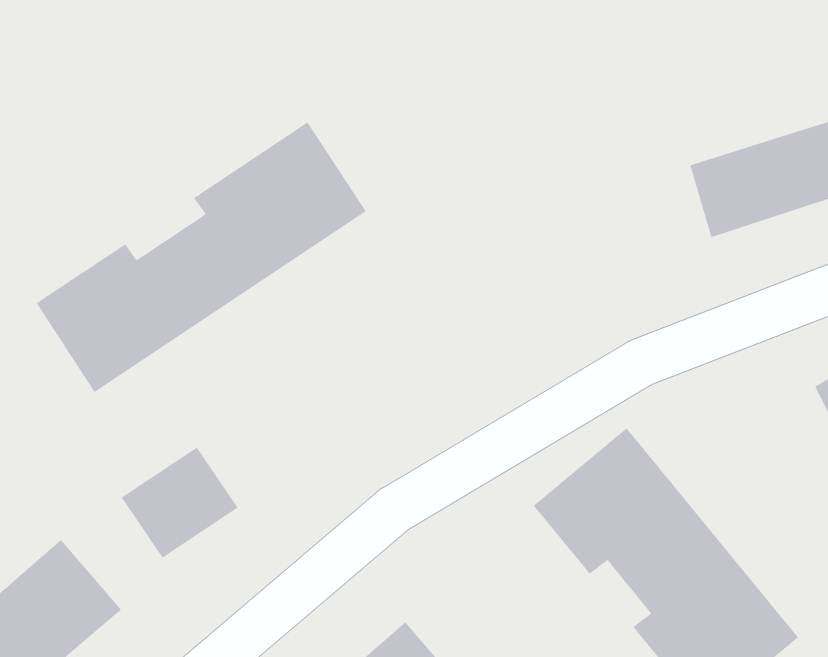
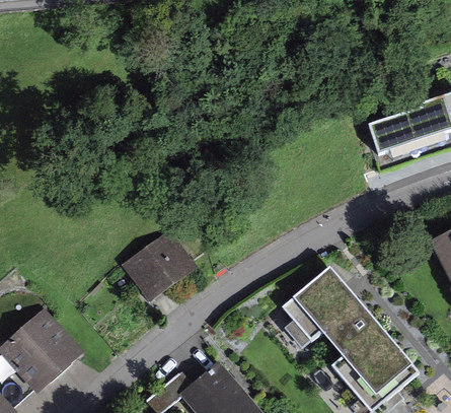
building: [36,122,366,393] -> none
building: [121,447,238,558] -> [127,247,187,304]

